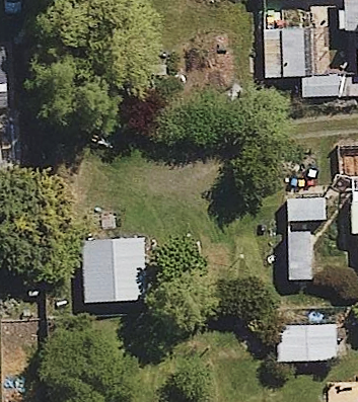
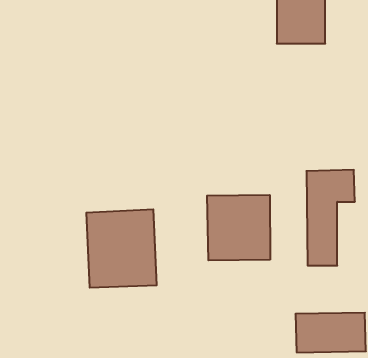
building: none -> [207,195,270,260]

